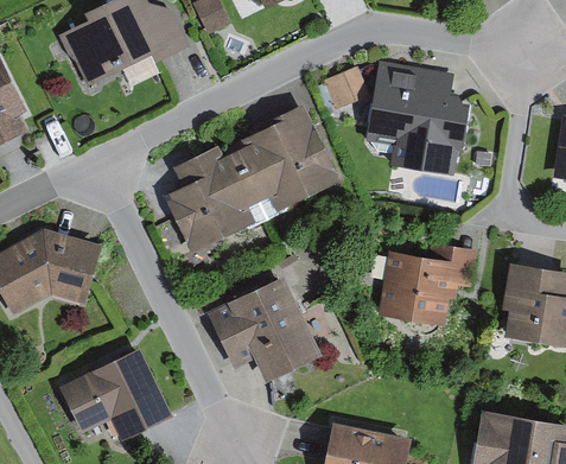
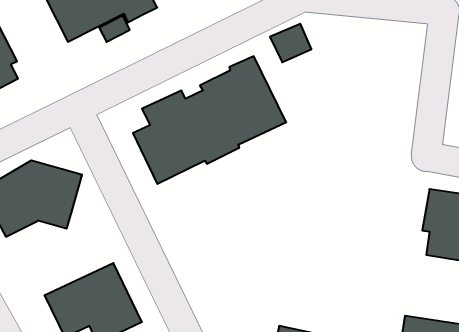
building: [365,63,469,177] -> none
building: [376,246,475,328] -> none
building: [206,275,322,382] -> none

